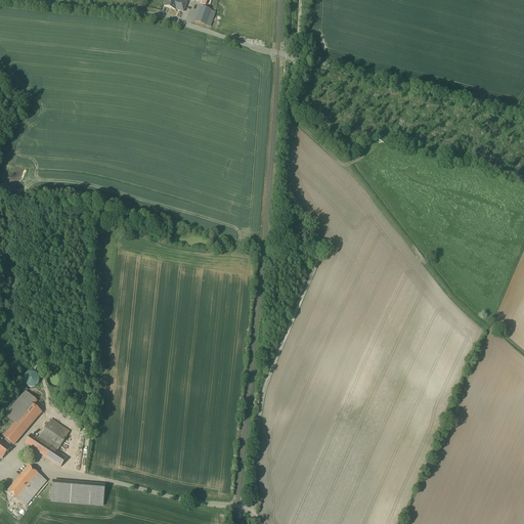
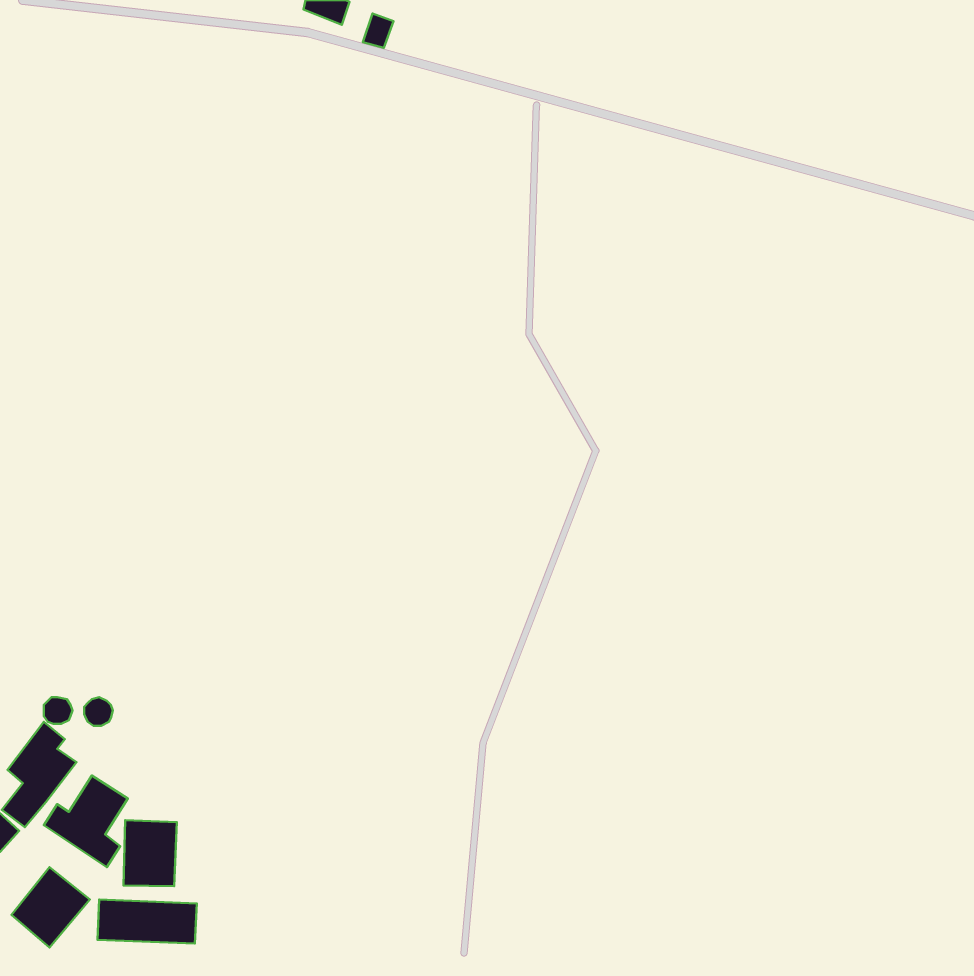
building: none -> [124,820,177,886]

